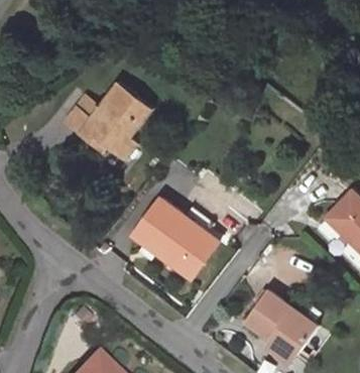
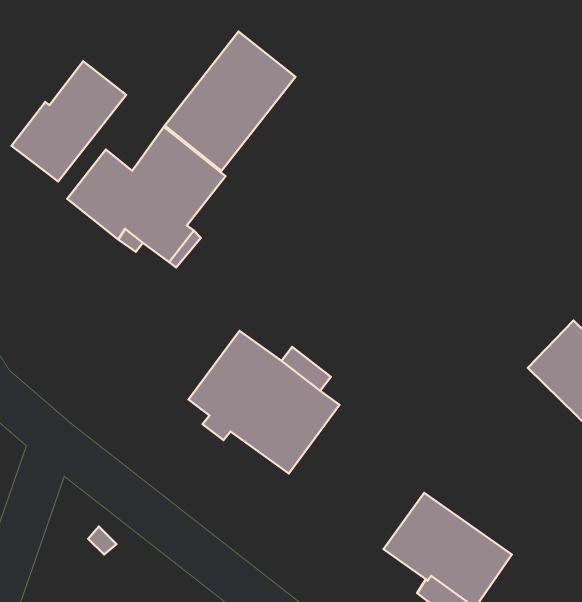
building: none -> [165,31,295,171]
building: none -> [11,61,126,182]

